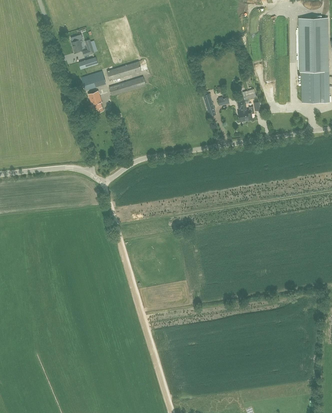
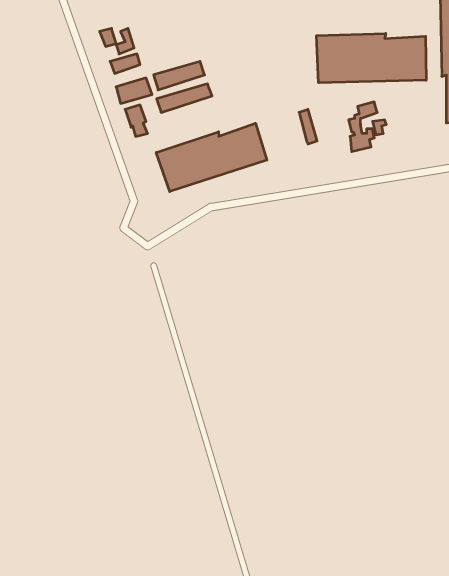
building: none -> [317,33,426,83]
building: none -> [156,123,267,192]

